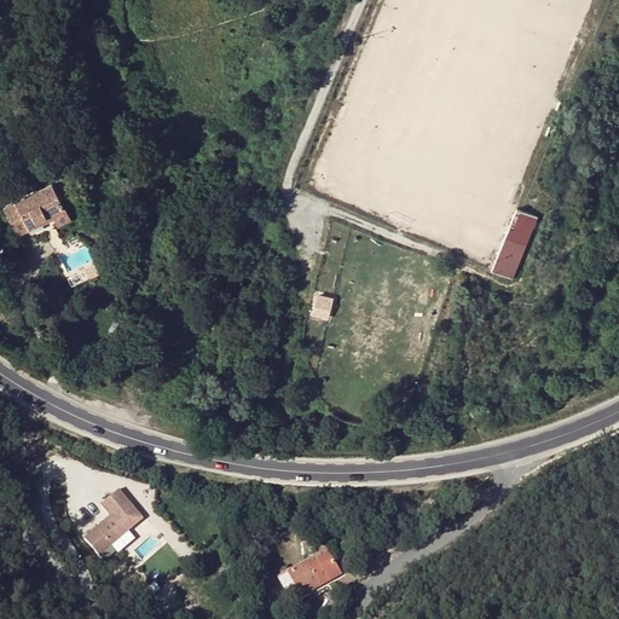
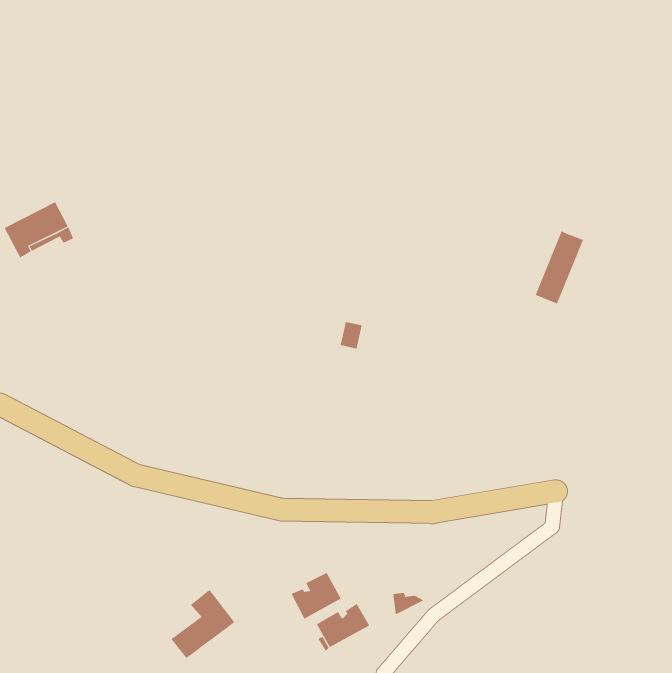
building: [83,487,143,551] -> [170,589,235,659]
building: none -> [291,572,341,619]

